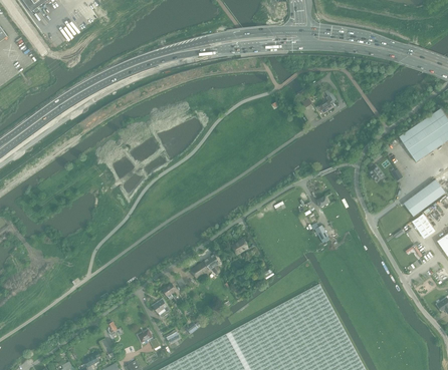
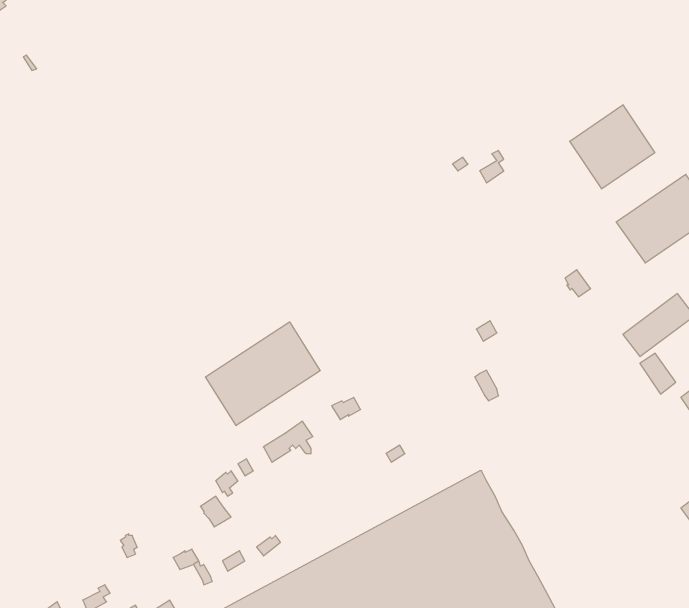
building: none -> [570,105,655,189]
building: none -> [206,322,320,426]

